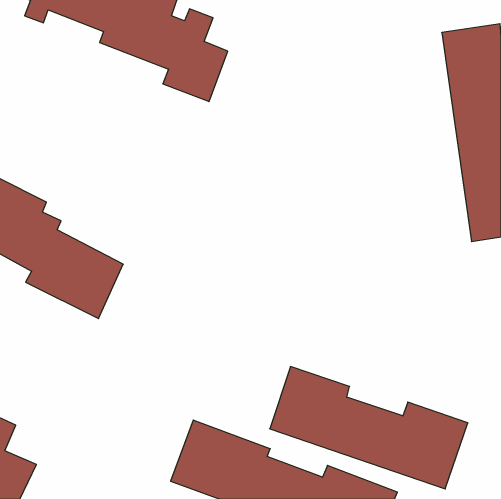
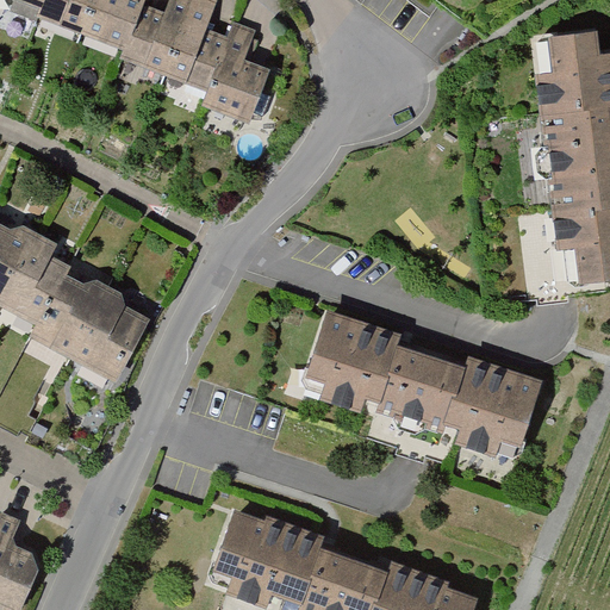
building: [270,367,468,489] -> [306,313,546,461]

